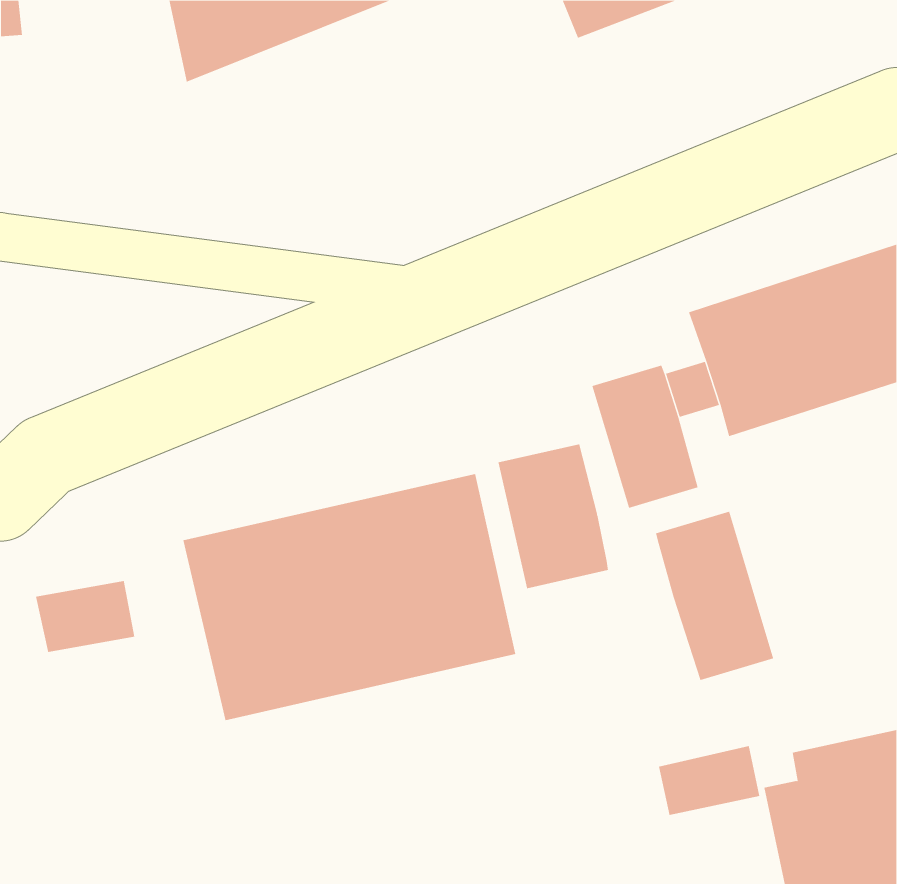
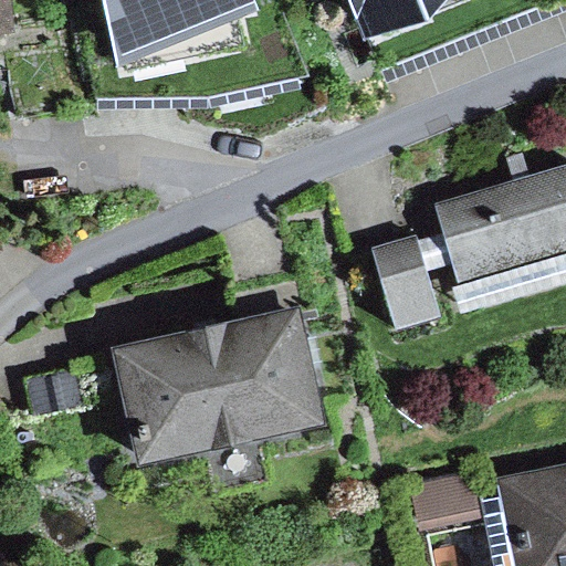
building: [498,443,608,589] -> none
building: [656,511,774,681] -> none

